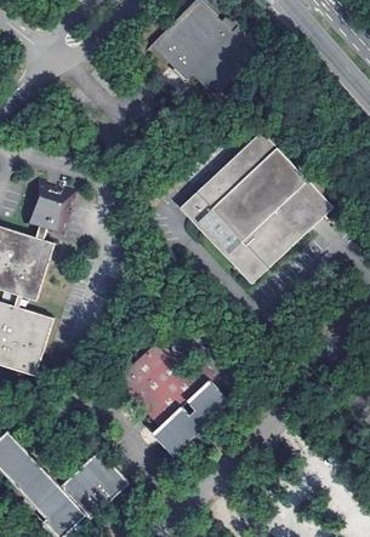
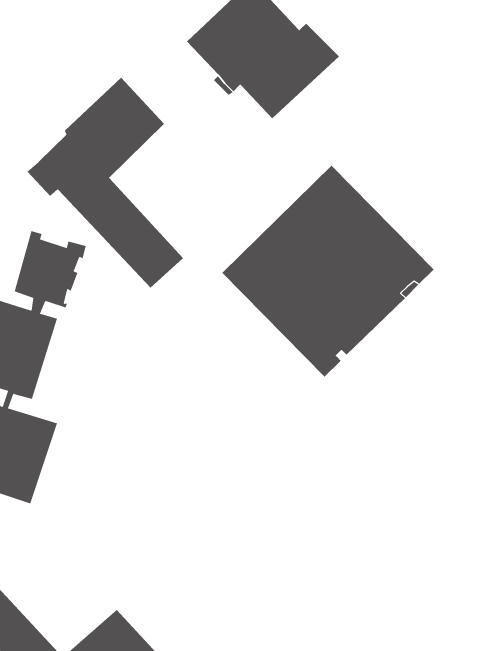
building: none -> [27,77,184,288]
building: [118,342,228,450] -> none

